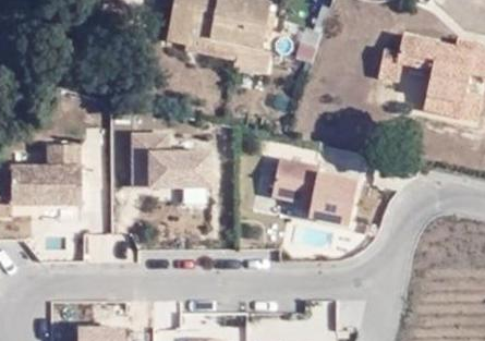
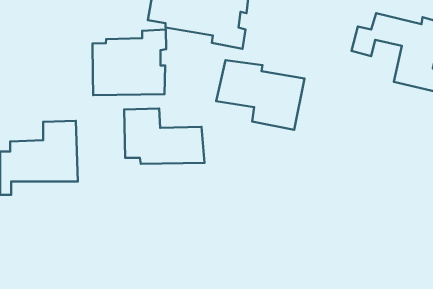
building: none -> [92,29,166,95]
building: [271,159,365,233] -> [216,60,305,130]

